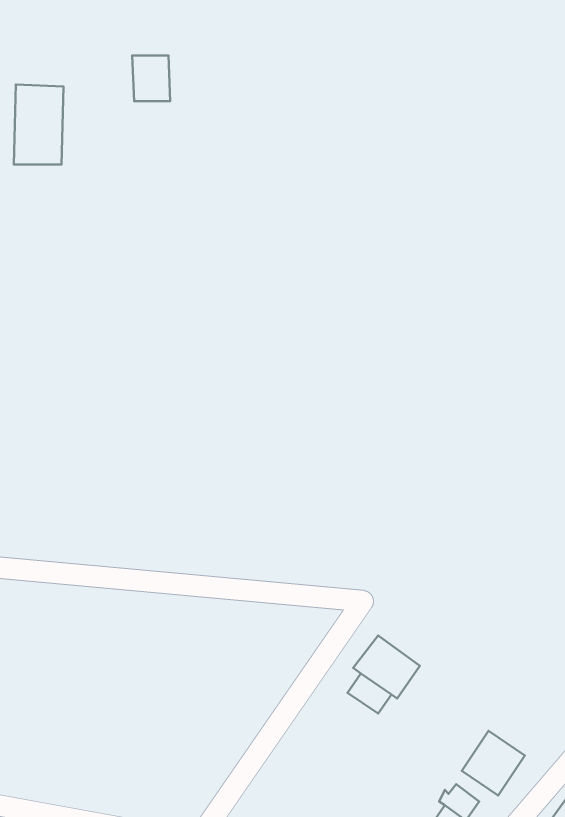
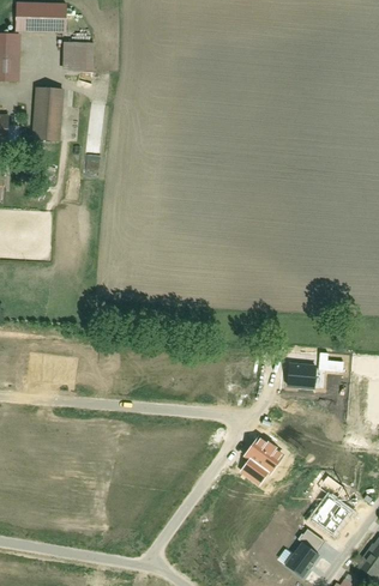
building: [132,56,170,101] -> [61,43,85,72]
building: none -> [288,360,318,386]

